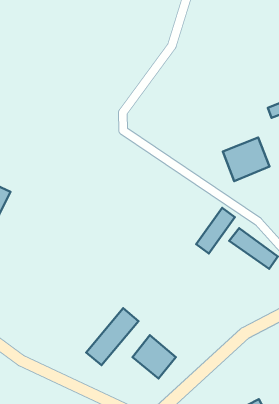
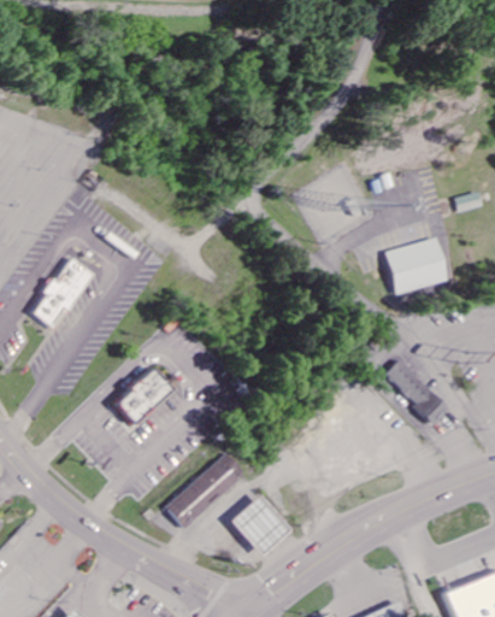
building: [196,208,235,254] -> none
building: none -> [120,371,172,423]

